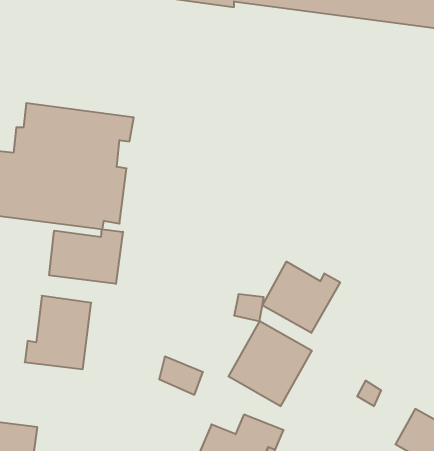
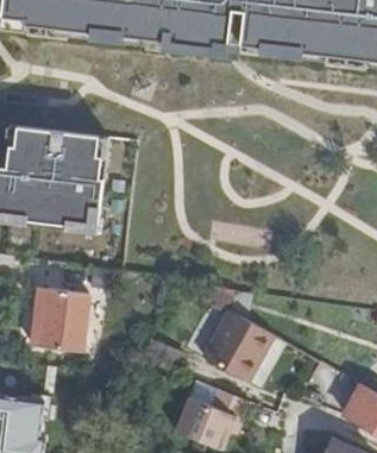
building: [49,229,123,284] -> none
building: [262,262,340,333] -> none

